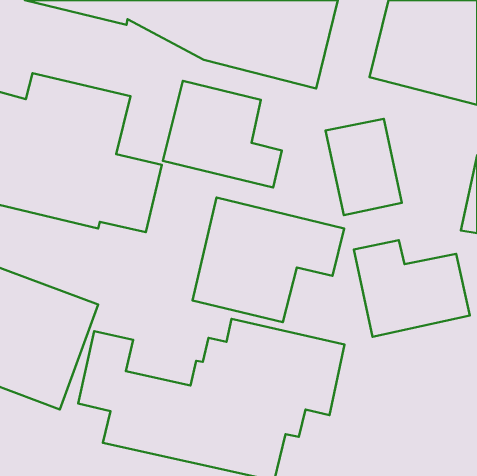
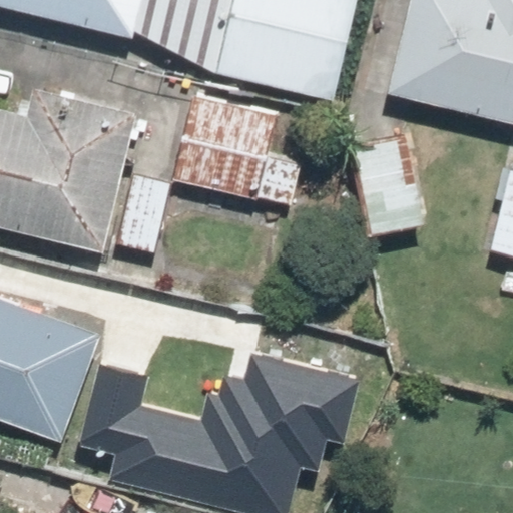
building: [192,198,344,322] -> none
building: [354,240,470,337] -> none

